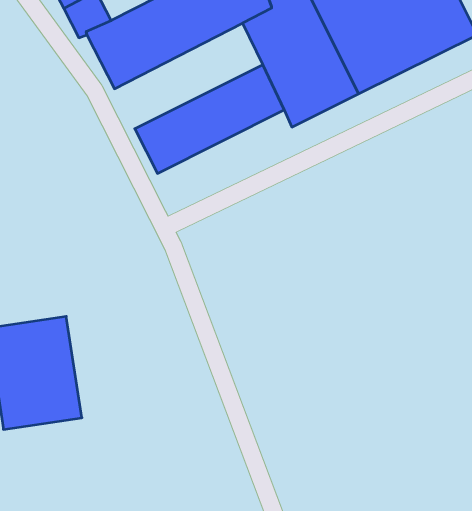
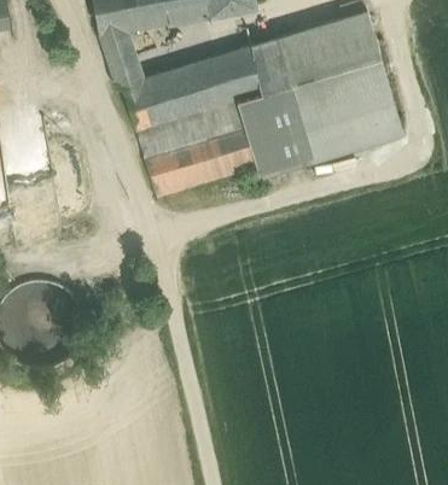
building: none -> [136,98,246,160]

